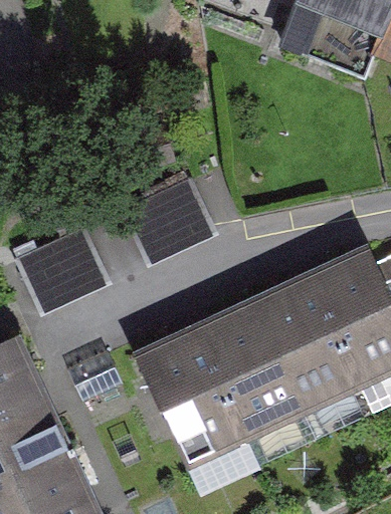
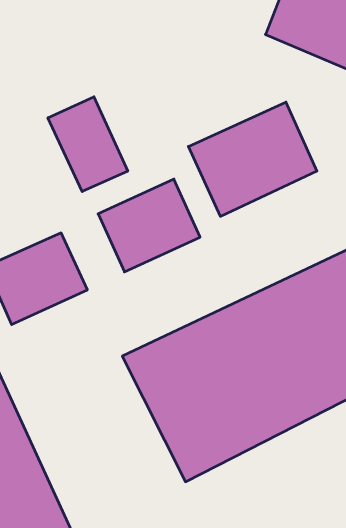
building: none -> [48,97,128,192]
building: none -> [188,102,317,216]

